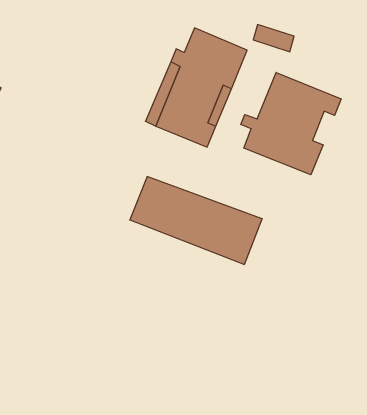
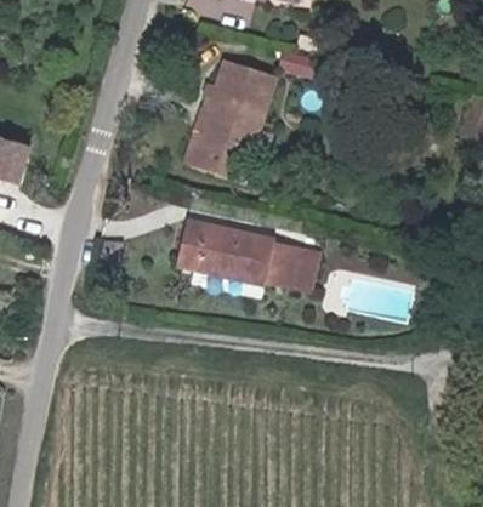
building: [241,72,341,175] -> none

